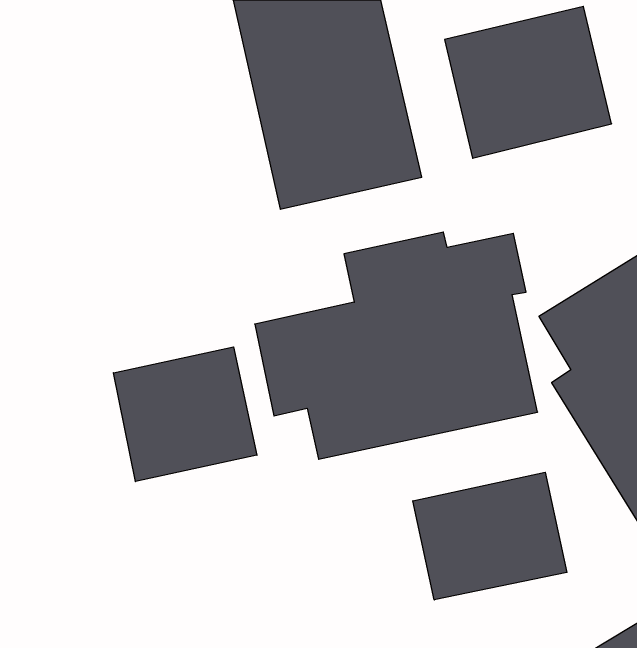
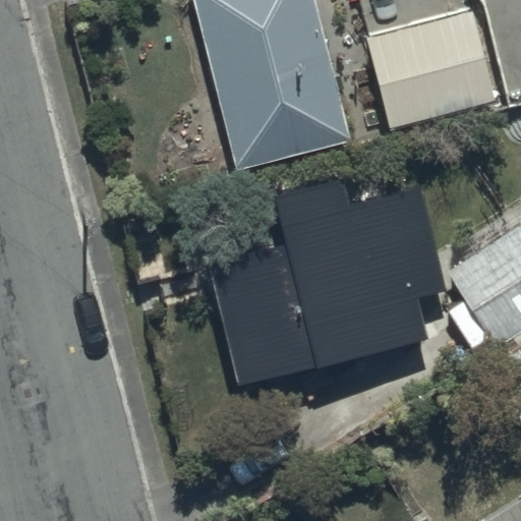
building: [113,347,257,482] -> none
building: [413,472,567,600] -> none

